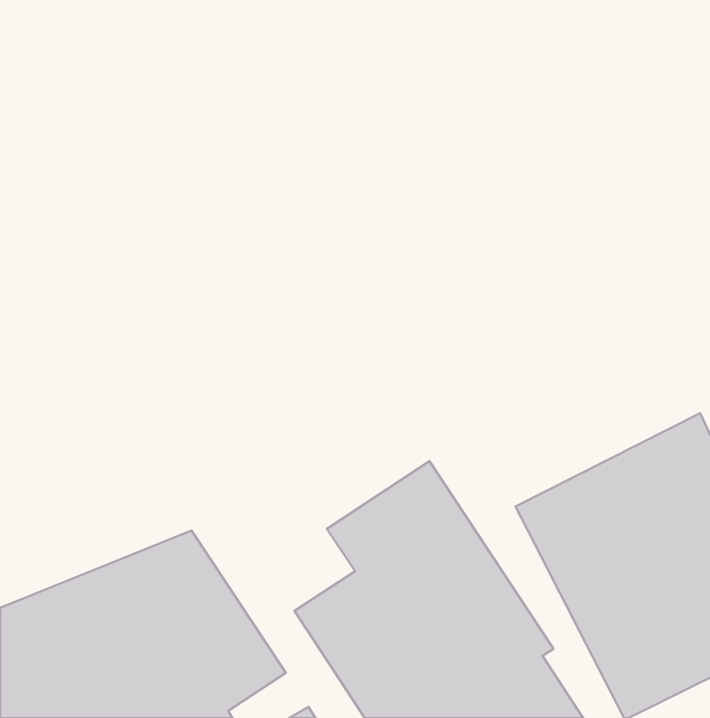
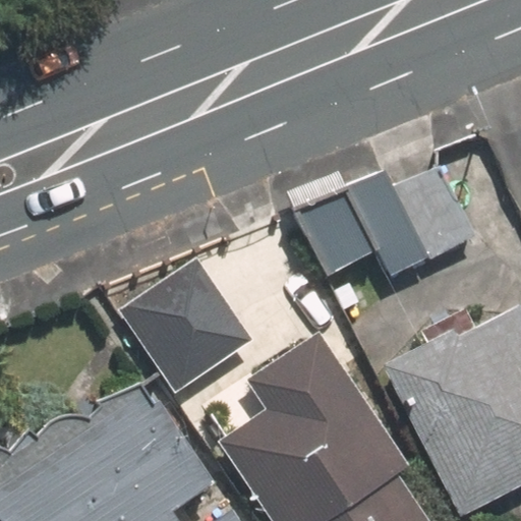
building: none -> [303,166,478,283]
building: none -> [120,258,256,395]

